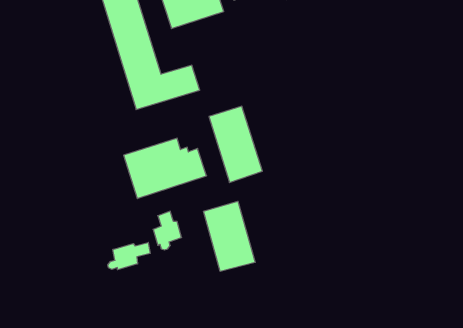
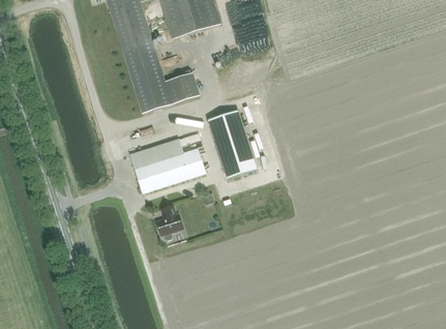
building: [203,201,255,271] -> none
building: [108,242,150,270] -> none

